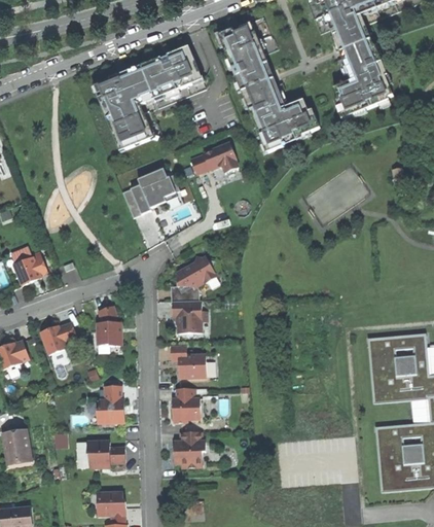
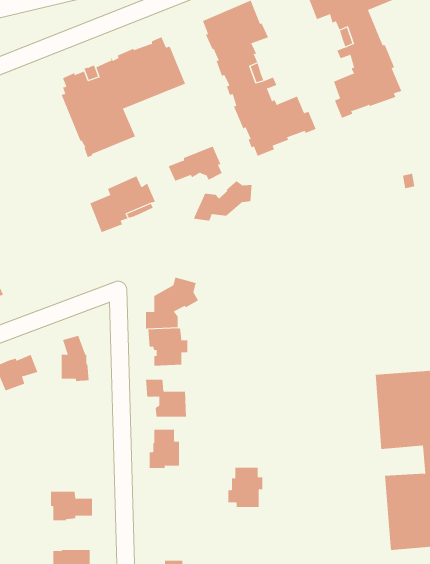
building: none -> [193,180,252,221]
building: [97,382,123,421] -> none
building: [174,430,205,465] -> [227,467,263,508]

